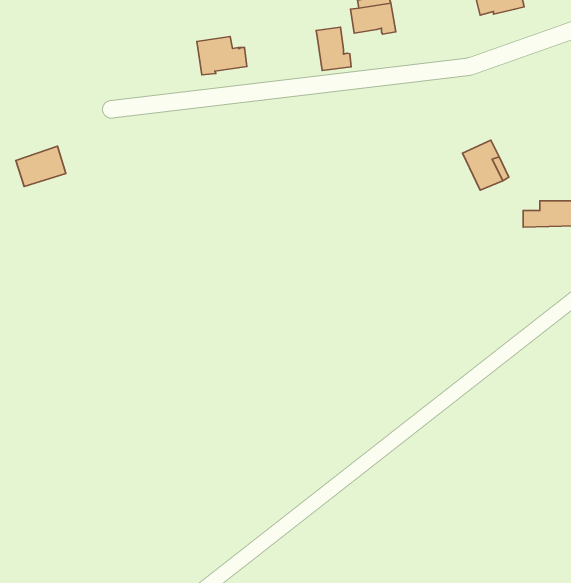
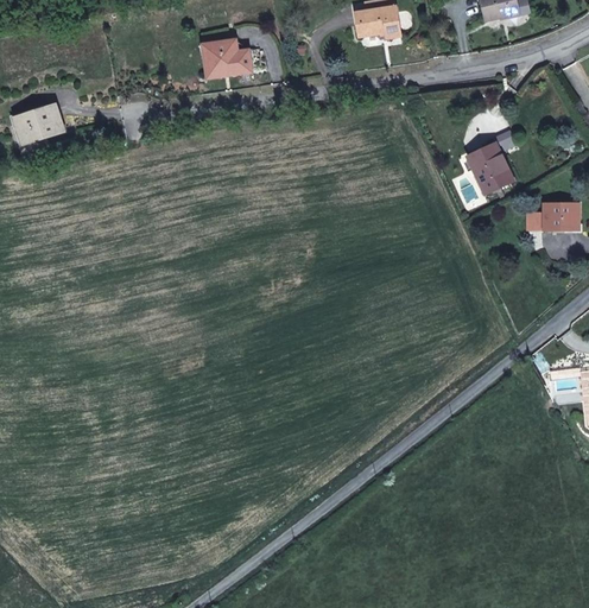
building: [316,27,351,70] -> none
building: [16,146,66,187] -> [14,104,64,145]

